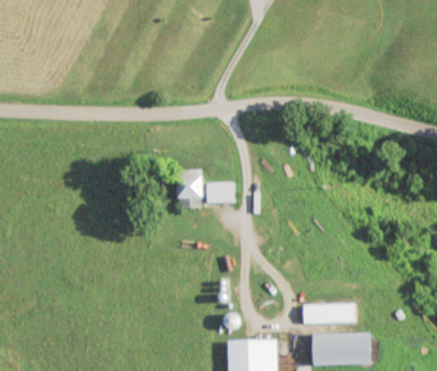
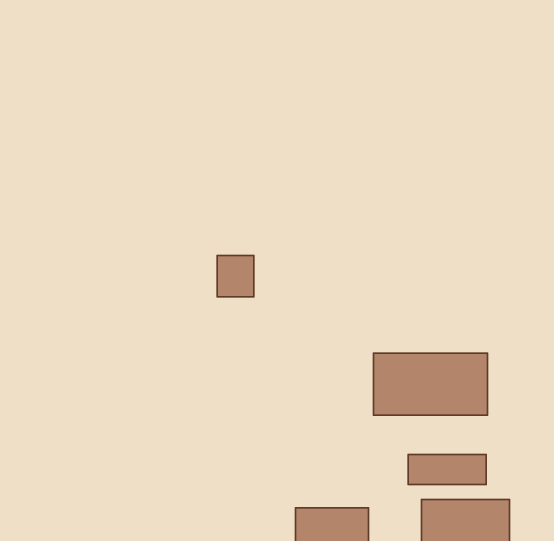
building: [206,182,233,203] -> none
building: none -> [373,353,487,415]

